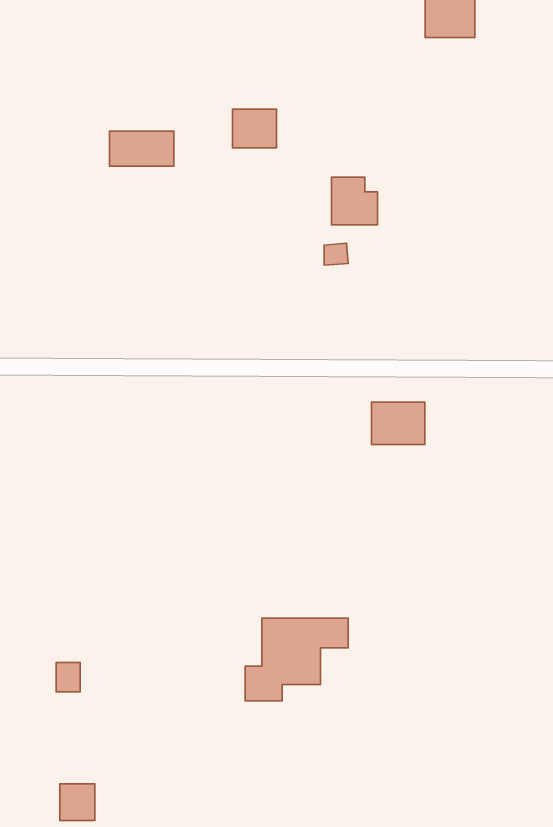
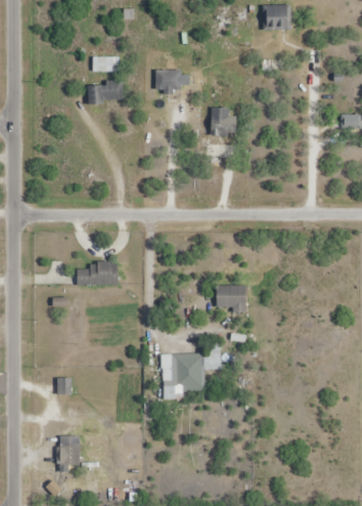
building: none -> [92,56,118,71]
building: [372,402,425,444] -> [216,286,245,309]
building: none -> [76,264,116,285]

